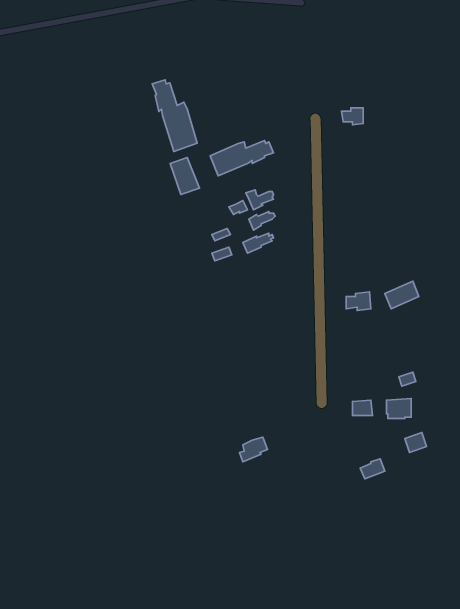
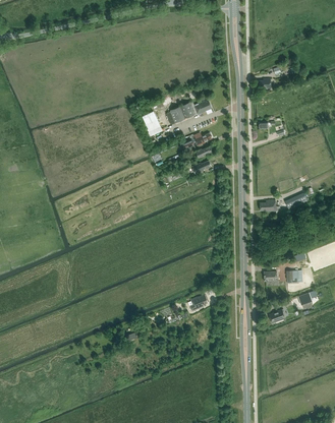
building: [152,80,197,152] -> none

